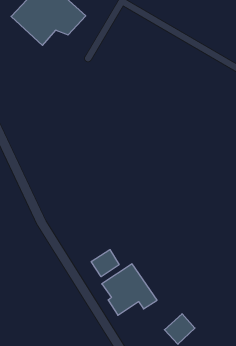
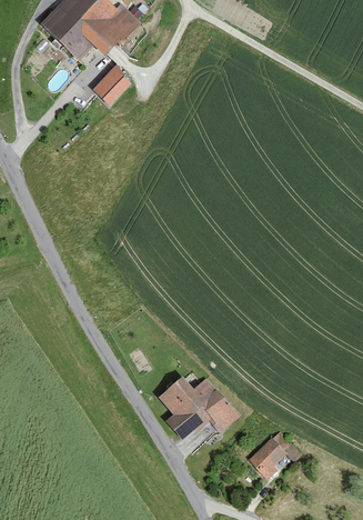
building: none -> [94,70,128,104]
building: [91,250,119,277] -> none

